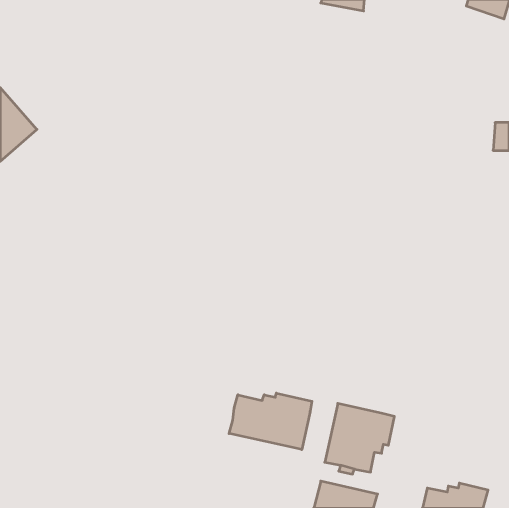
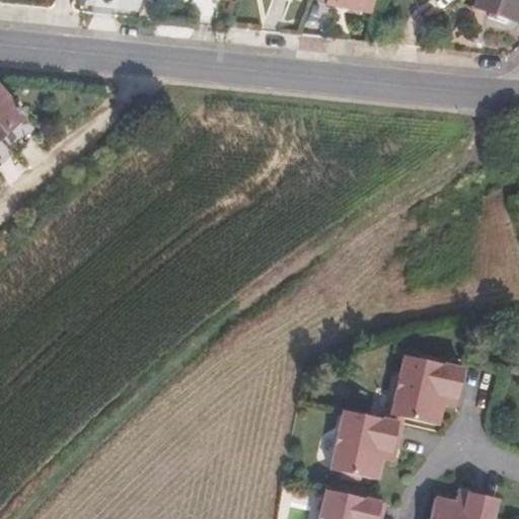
building: none -> [389,356,462,431]
building: [229,393,312,450] -> none

